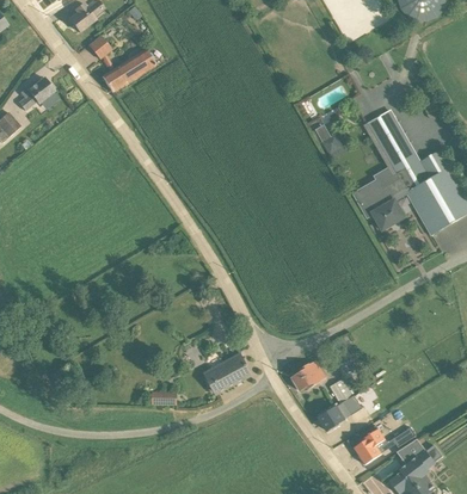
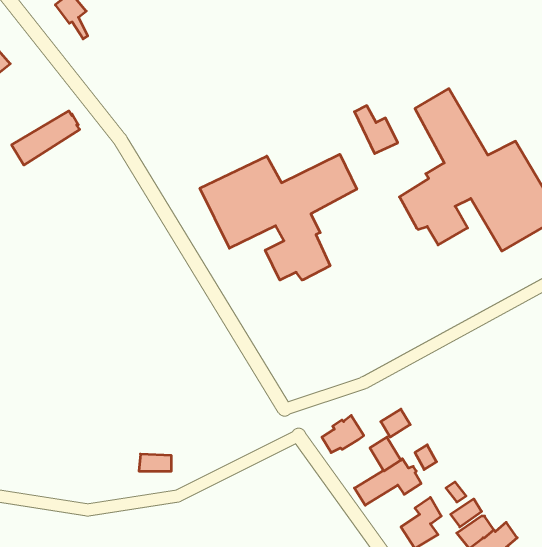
building: [99,50,152,92] -> [12,111,80,165]
building: none -> [200,154,357,280]
building: [205,354,251,394] -> none

